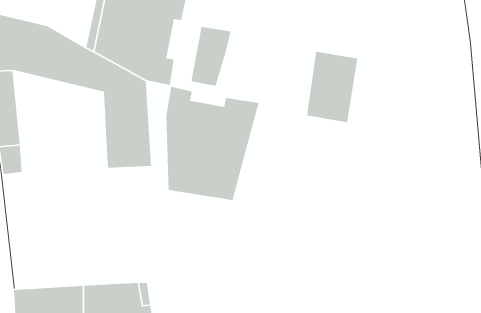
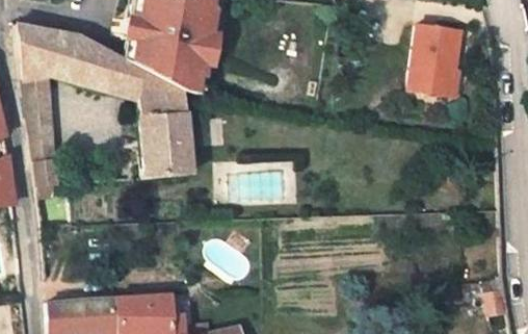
building: [190,26,231,87] -> none
building: [306,51,358,123] -> [401,23,453,96]
building: [165,86,260,201] -> none

